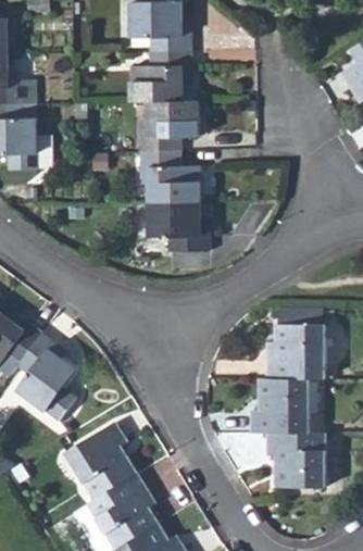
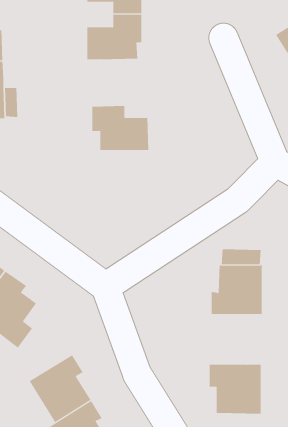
building: [137,101,198,153] -> none
building: [146,201,205,248] -> none
building: [250,380,308,435] -> none

